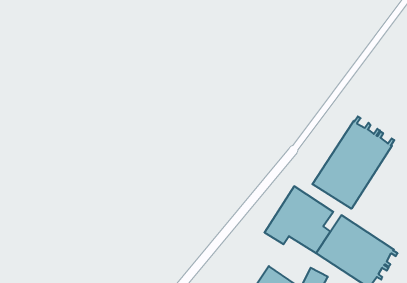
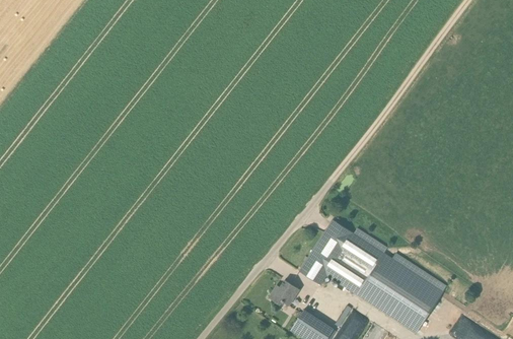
building: [312,116,394,209] -> none
building: none -> [269,279,300,306]

